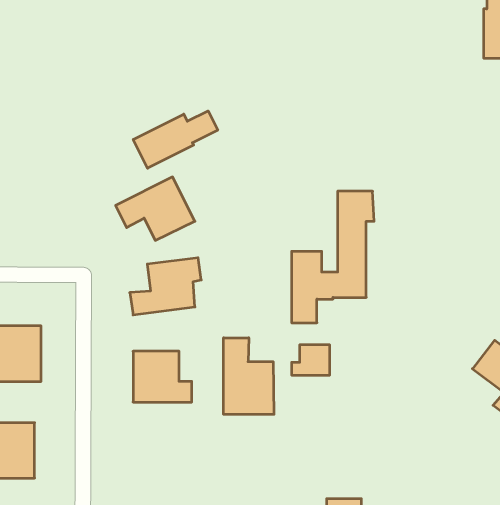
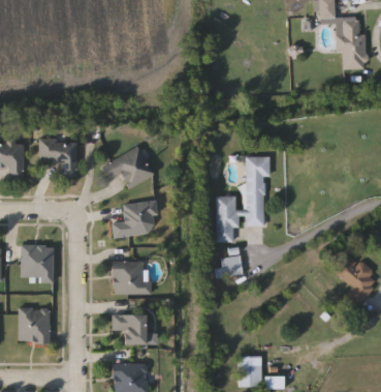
building: [133,111,218,168] -> none
building: none -> [38,140,76,177]
building: [224,338,274,414] -> none
building: none -> [110,314,145,344]

